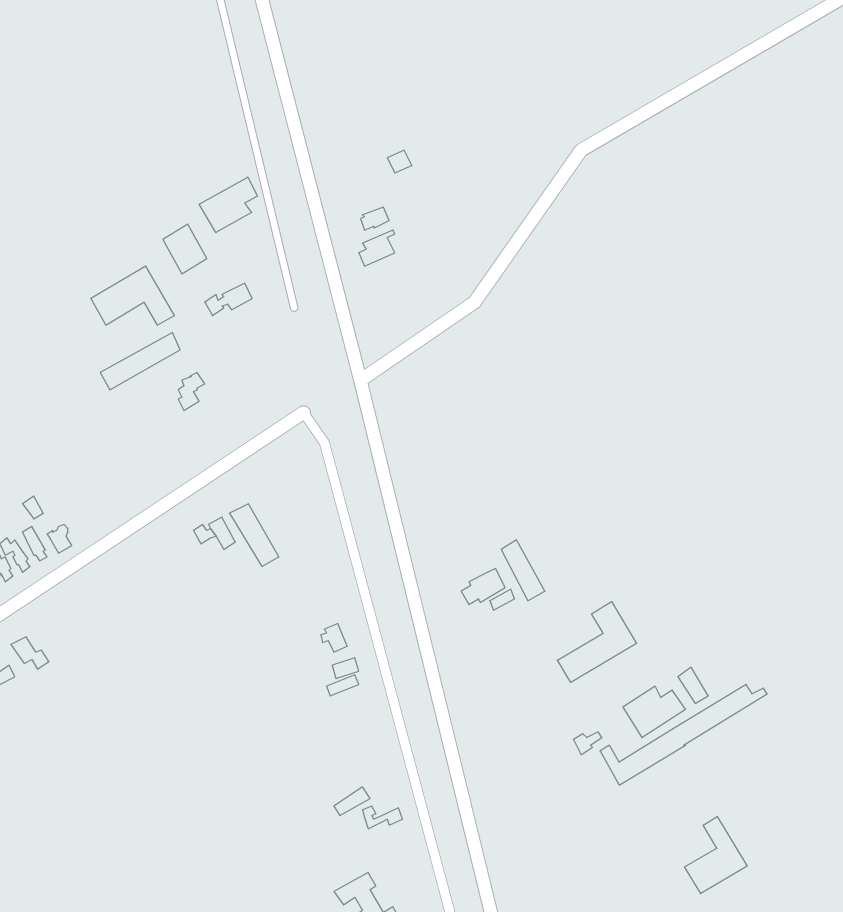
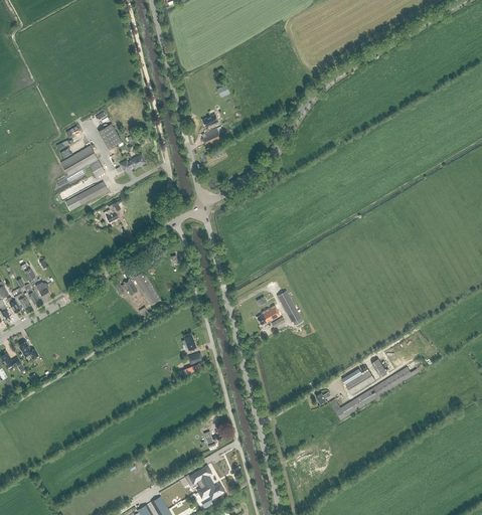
building: [199,177,257,233] -> none
building: [557,602,637,682] -> none
building: [685,816,747,894] -> none

